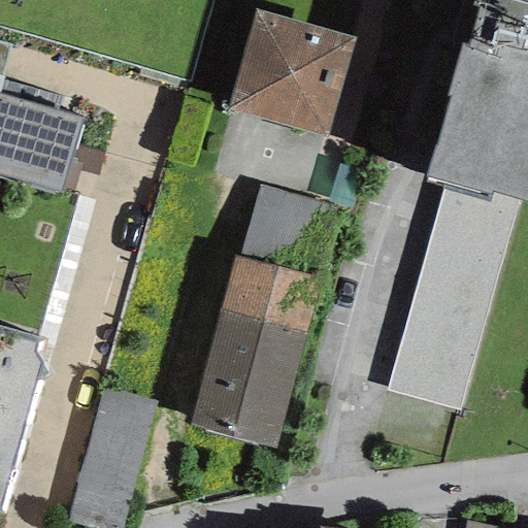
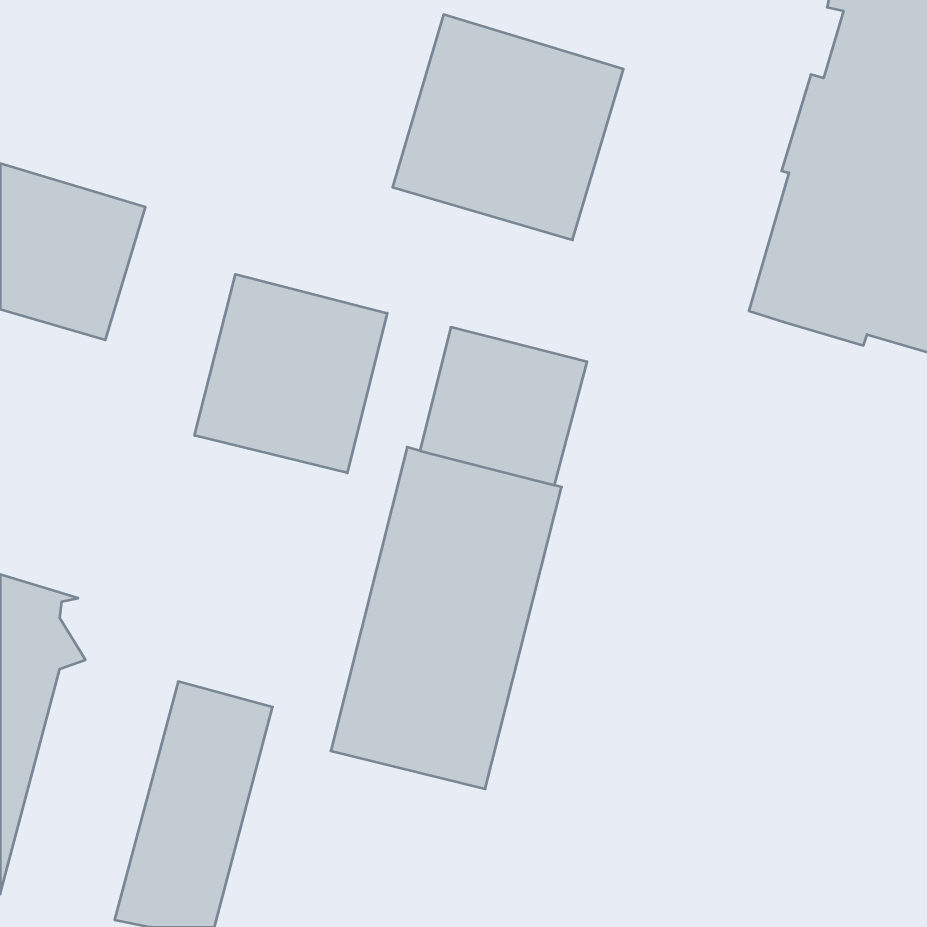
building: none -> [195,274,387,473]
building: [388,183,521,411] -> none

